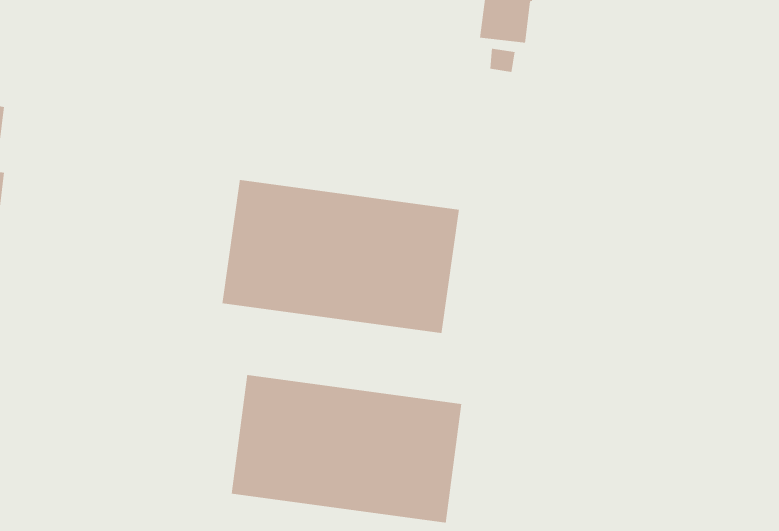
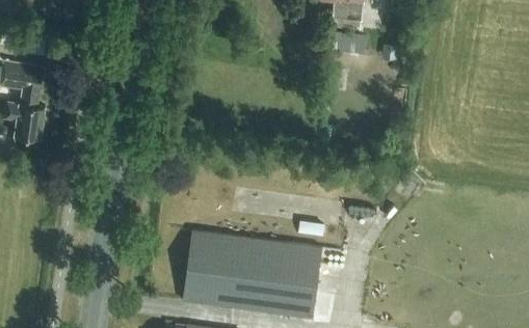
building: [222,179,460,334] -> none

